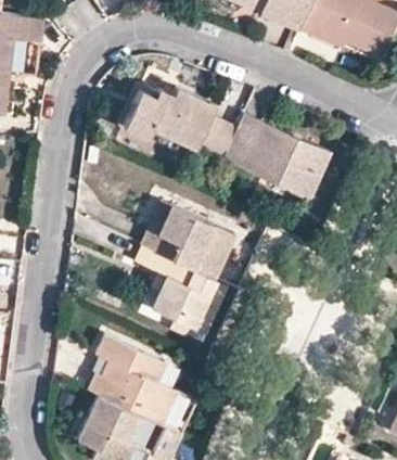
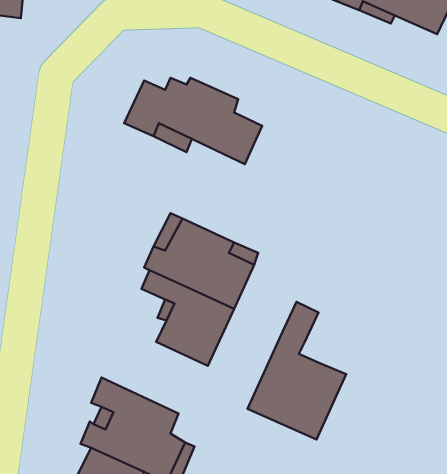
building: [222,116,328,200] -> none
building: none -> [247,302,346,440]

